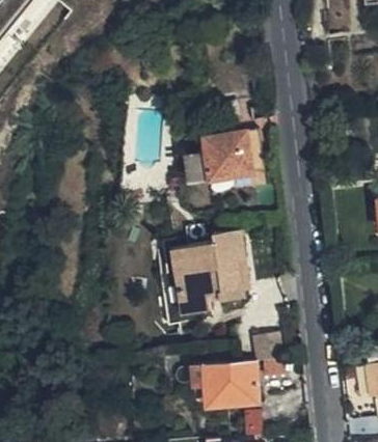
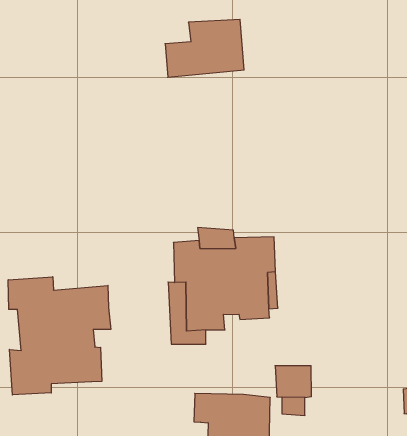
building: [184,133,249,184] -> [165,19,244,77]
building: none -> [8,277,111,395]

